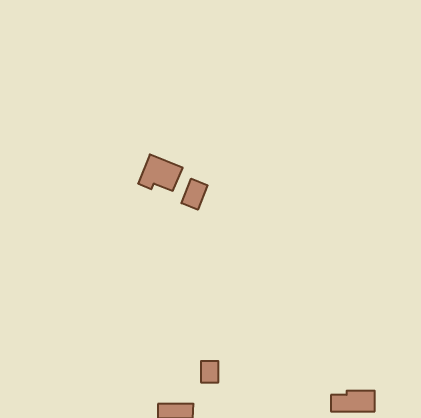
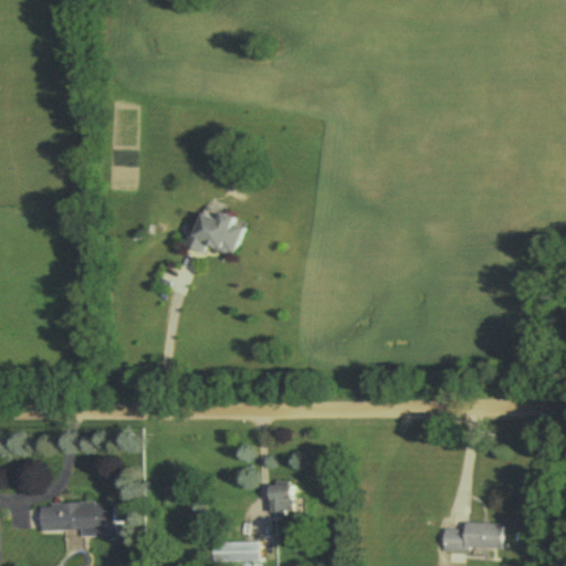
building: [181,179,208,210] -> none
building: none -> [39,502,113,536]

